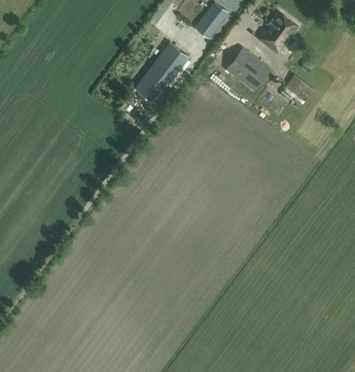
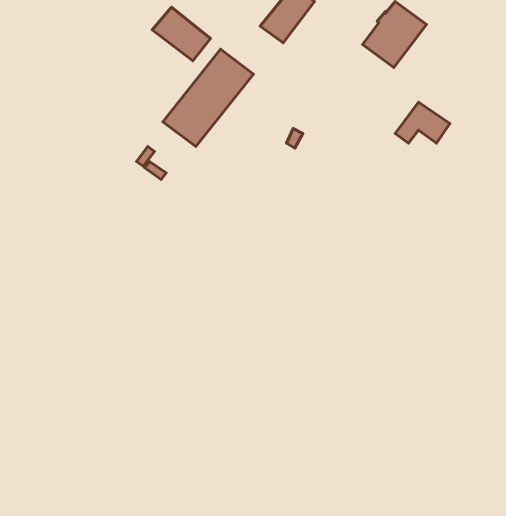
building: none -> [152,7,210,61]
building: [226,47,270,91] -> none

